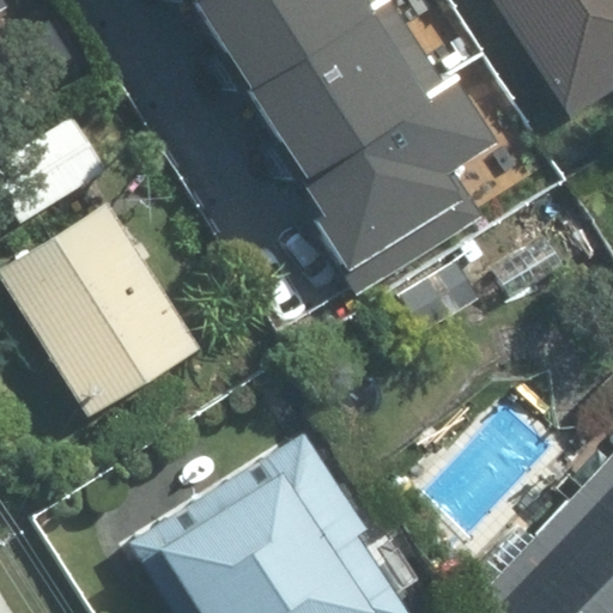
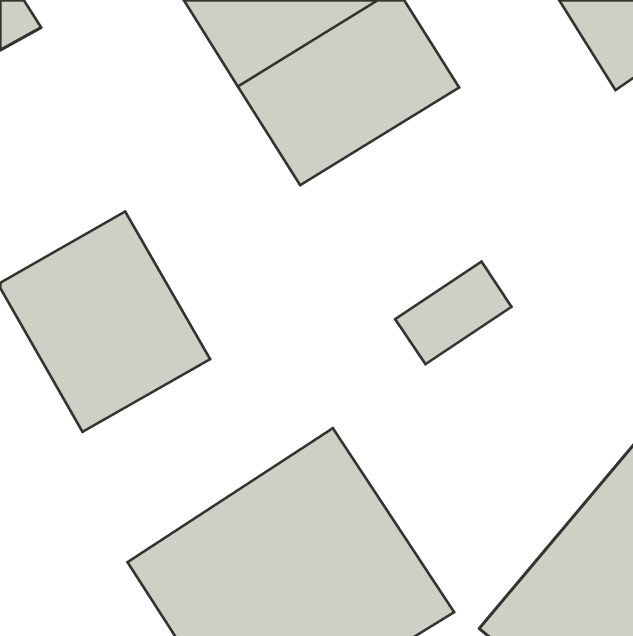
building: [293,87,504,275] -> none

